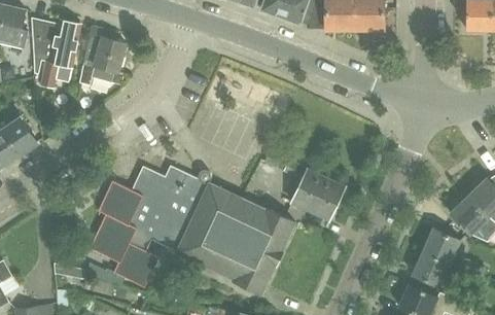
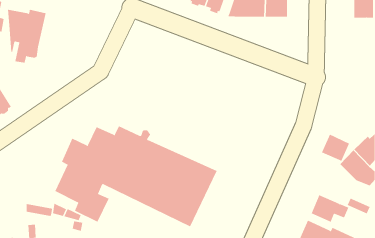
building: [76,26,125,85] -> none
building: [262,150,342,218] -> none
building: [423,227,459,262] -> [321,134,350,162]

